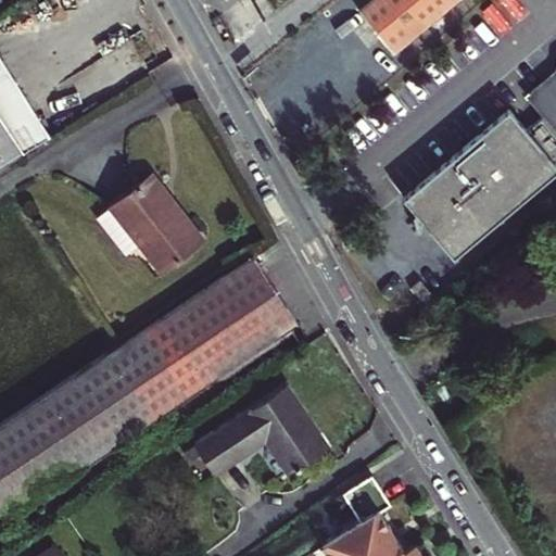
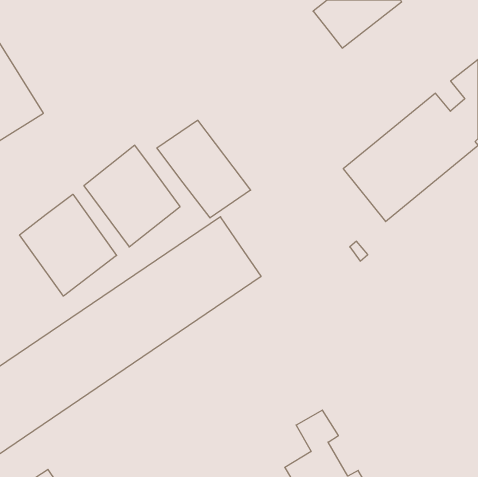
building: none -> [157,120,251,218]
building: none -> [20,194,117,296]
building: [187,381,333,471] -> none

